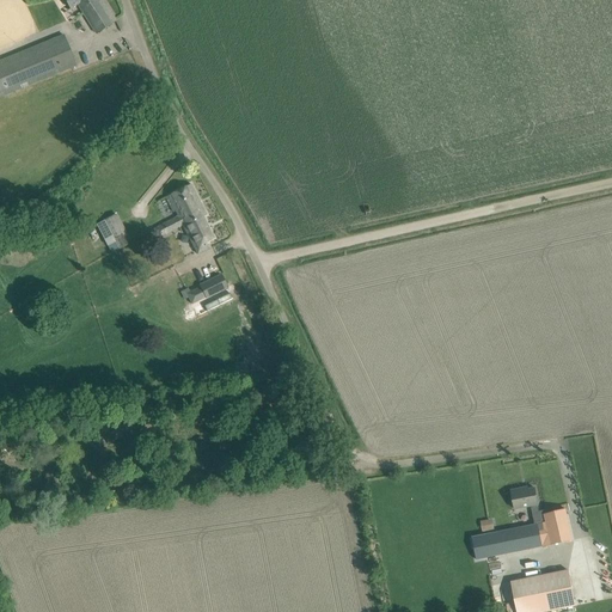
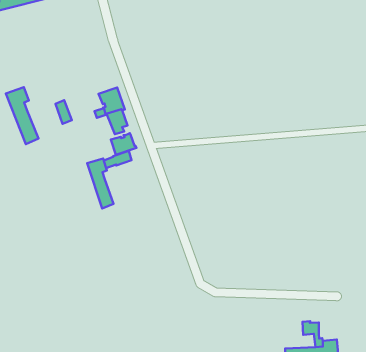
building: none -> [6,87,38,144]
building: none -> [111,133,137,155]
building: none -> [87,159,113,208]

